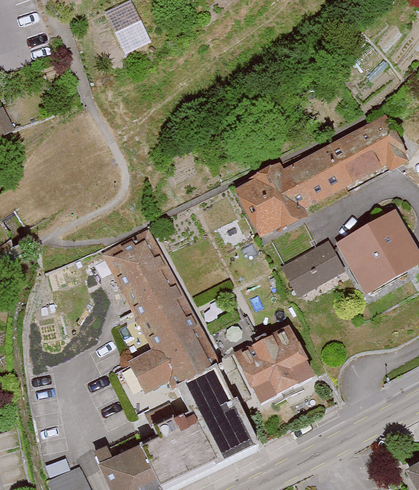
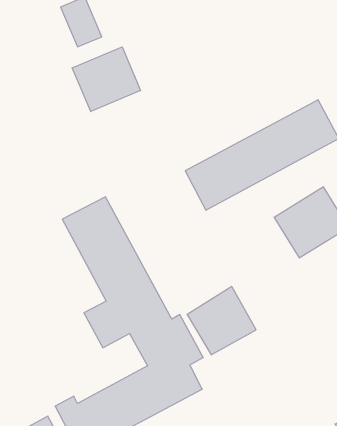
building: none -> [72,47,141,112]
building: [280,245,336,294] -> none

